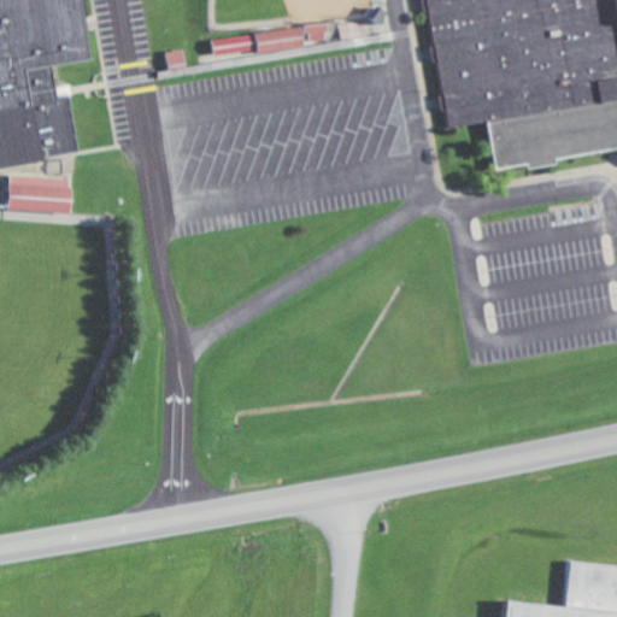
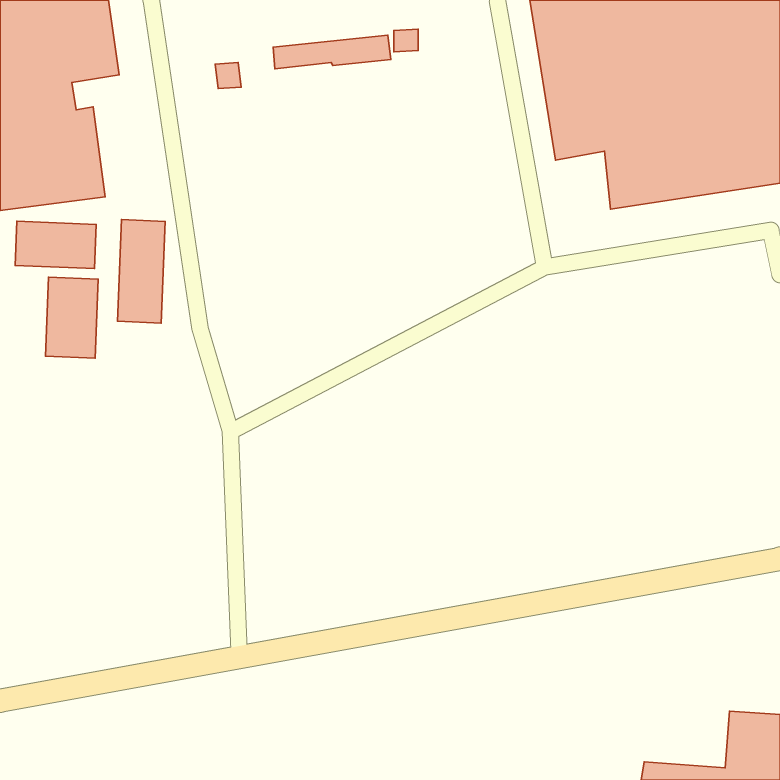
building: none -> [117,220,165,323]
building: none -> [46,277,98,358]

